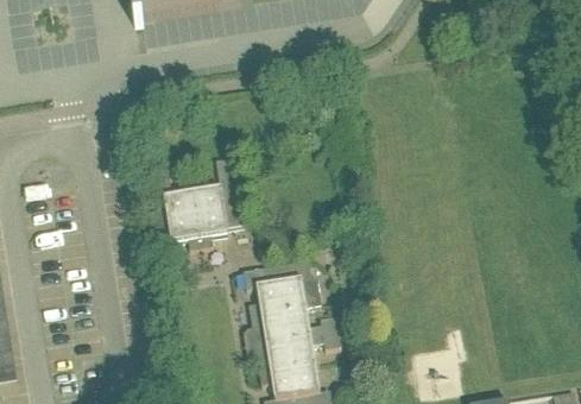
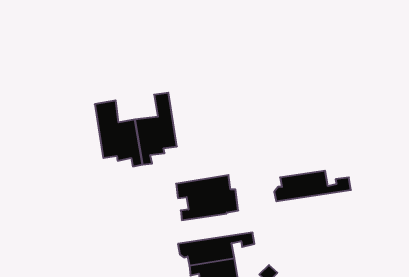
building: [244,303,339,341] -> [274,171,351,201]

